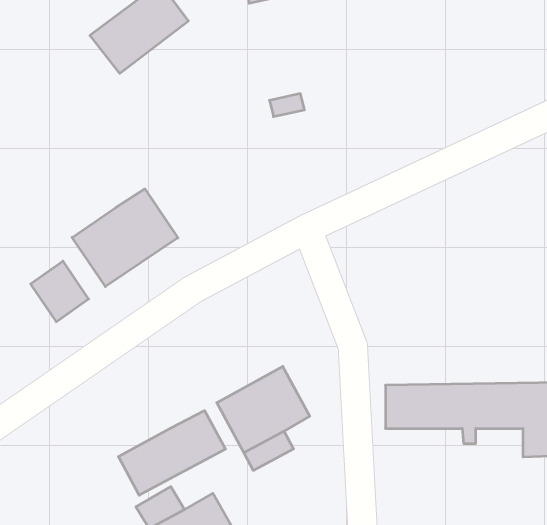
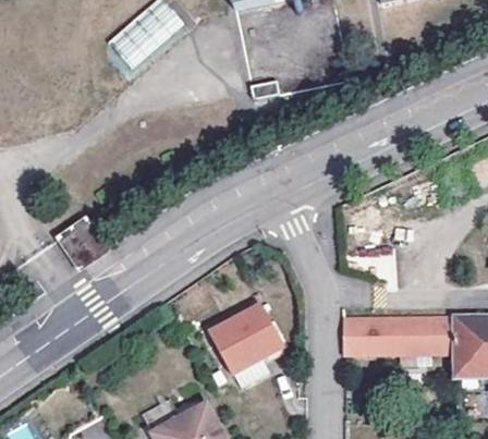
building: [72,189,178,287] -> none
building: [118,411,225,495] -> none

